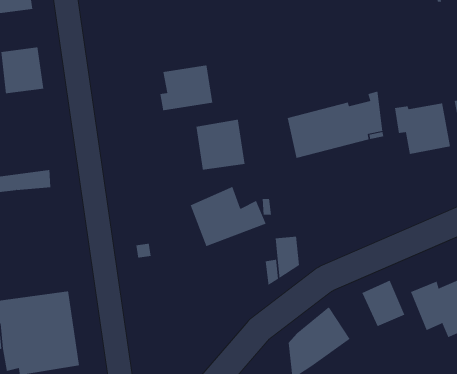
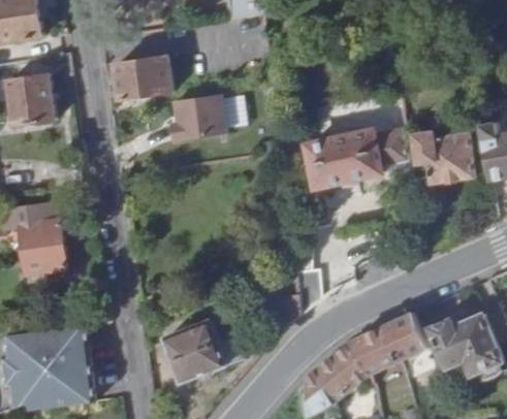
building: none -> [113,56,168,97]
building: [196,119,245,170] -> none
building: [190,186,267,247] -> [161,319,241,382]
building: none -> [24,219,68,269]
building: none -> [349,328,399,376]

